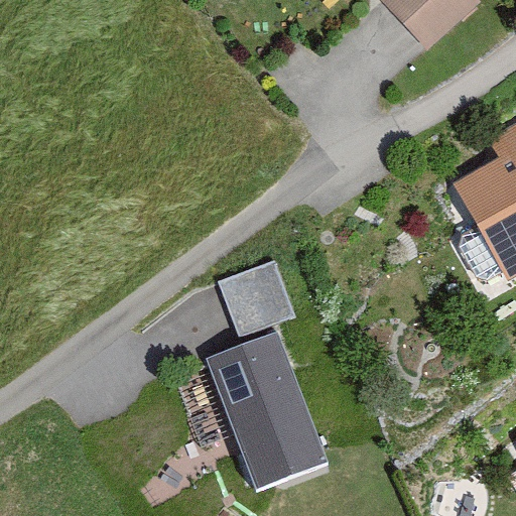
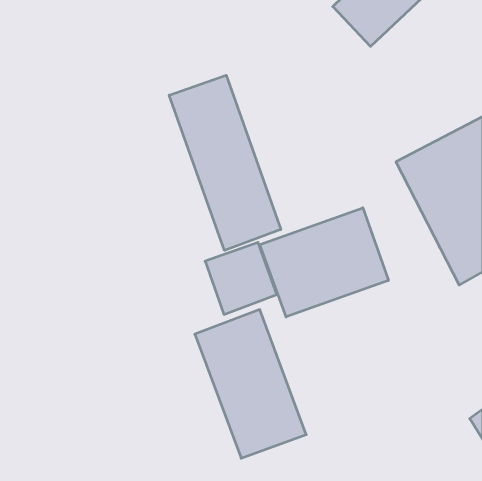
building: none -> [169,75,281,250]
building: none -> [260,208,388,317]

